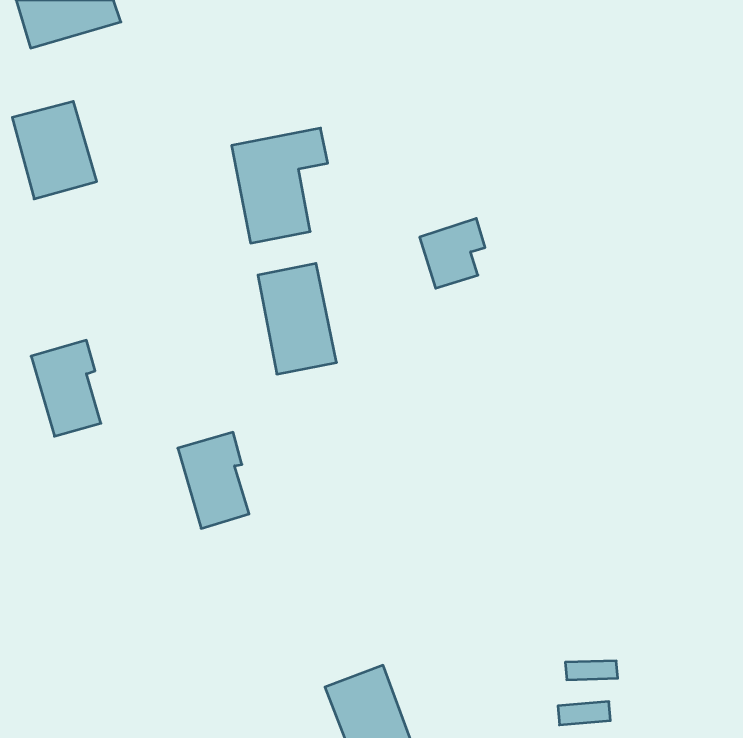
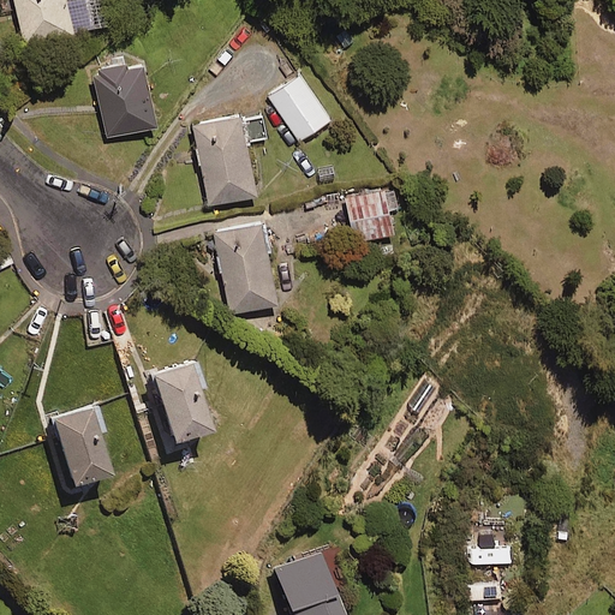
building: none -> [269,76,330,142]
building: [12,101,97,199] -> [92,58,162,138]
building: [31,340,101,436] -> [48,405,106,484]

